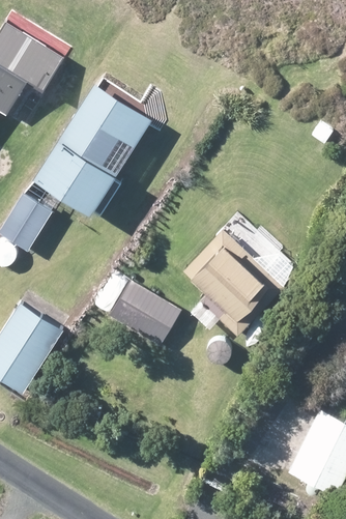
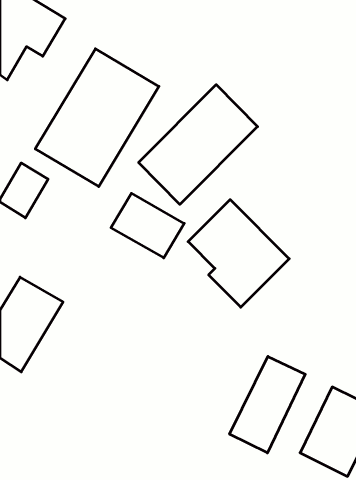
building: none -> [139,85,258,204]
building: [110,281,180,343] -> [111,193,184,258]
building: none -> [230,356,305,453]

